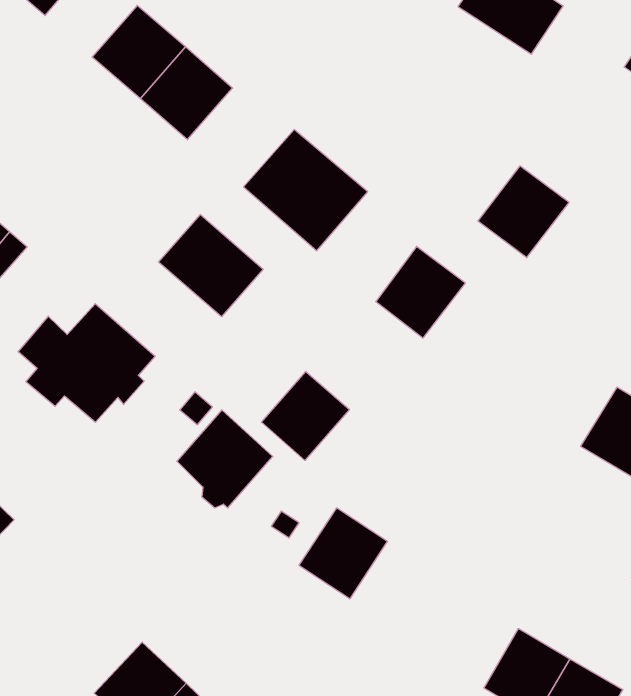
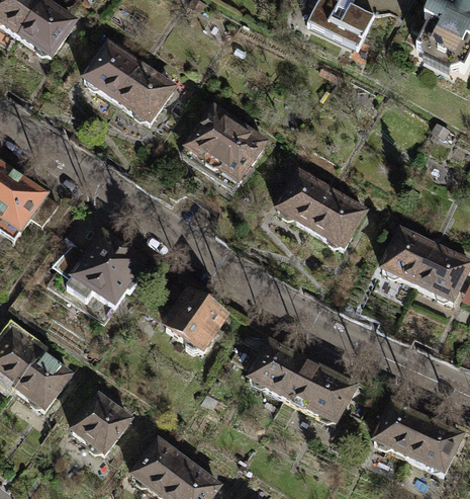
building: [478,166,569,258] -> [311,191,367,248]
building: [159,215,263,317] -> none
building: none -> [384,230,436,284]
building: [261,371,349,460] -> none
building: none -> [285,358,355,422]
building: none -> [73,394,130,452]

